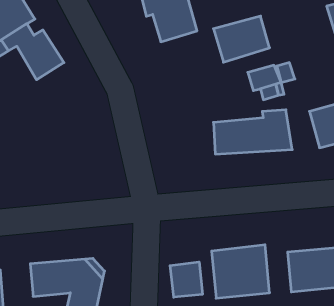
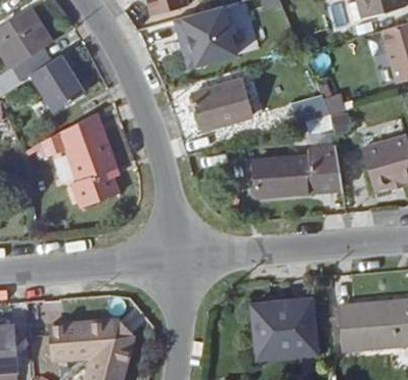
building: [213,16,270,62] -> [190,80,254,132]
building: none -> [42,113,108,204]
building: [170,262,202,297] -> none

